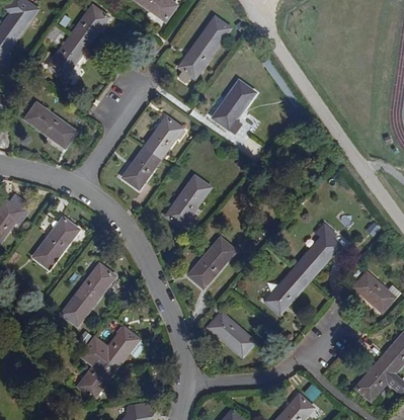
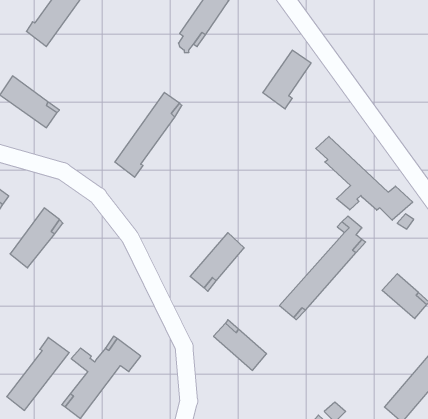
building: [213,80,254,131] -> [263,50,311,109]
building: none -> [316,136,413,220]
building: [165,175,211,231] -> none
building: [62,262,115,325] -> [7,337,69,410]

